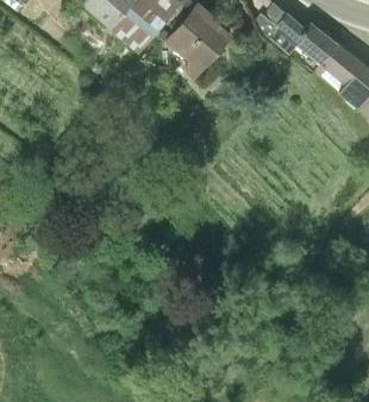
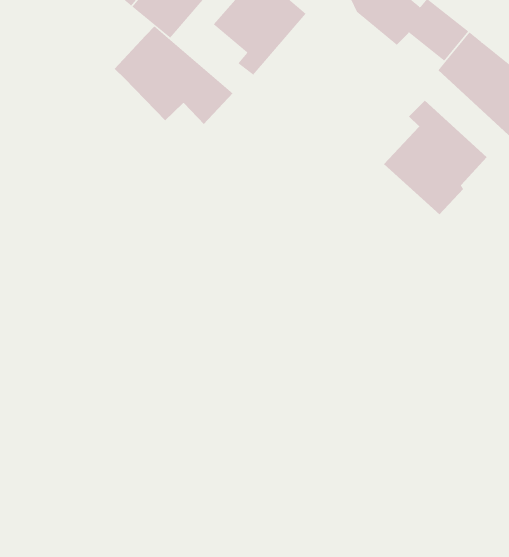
building: none -> [114,25,234,125]
building: none -> [383,100,488,215]

